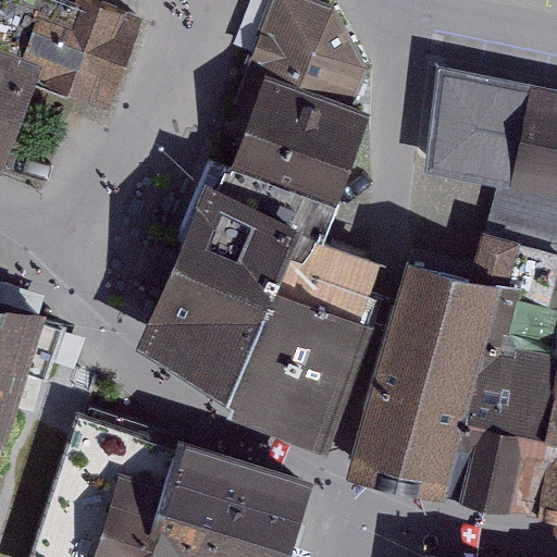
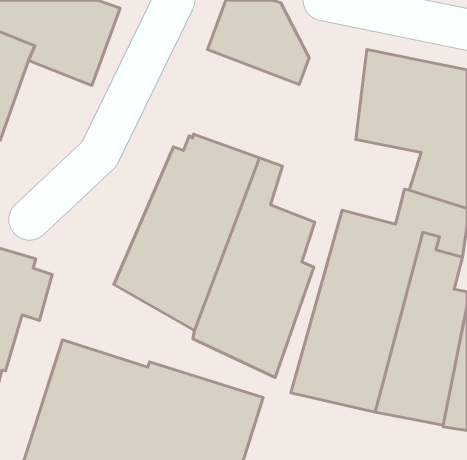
building: [230,70,369,208] -> none

